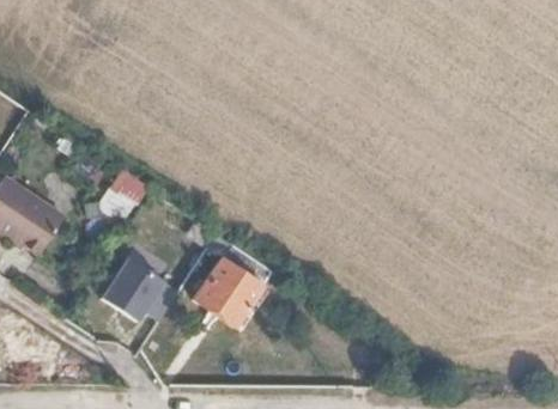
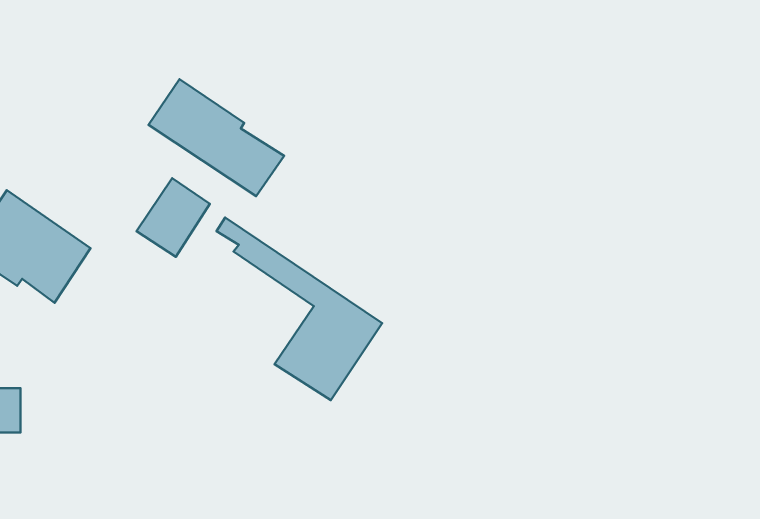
building: none -> [148,79,284,196]
building: [101,256,164,321] -> none

